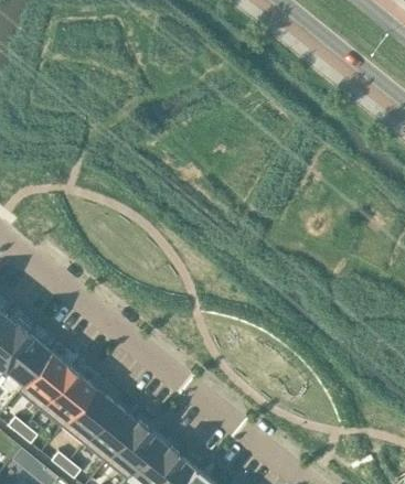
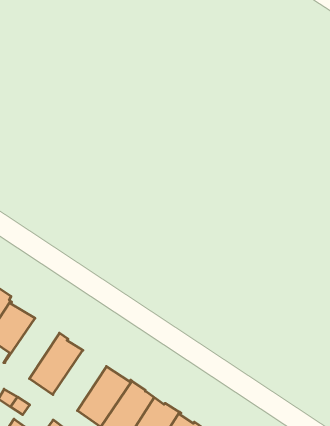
building: [18,352,73,409] -> none
building: [61,387,115,444] -> none

